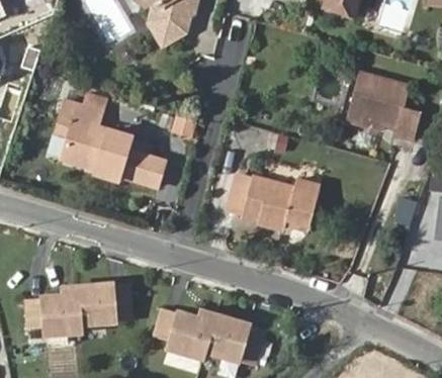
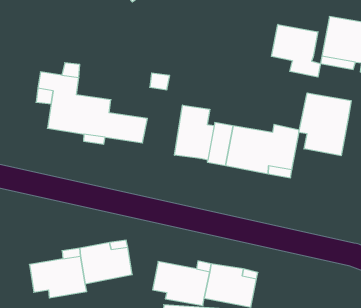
building: none -> [271,24,321,77]
building: none -> [299,93,351,156]
building: none -> [175,105,214,160]

